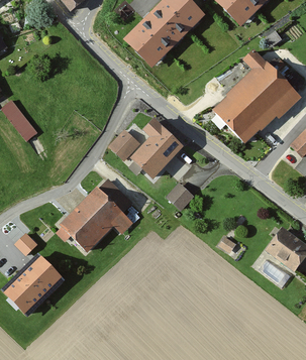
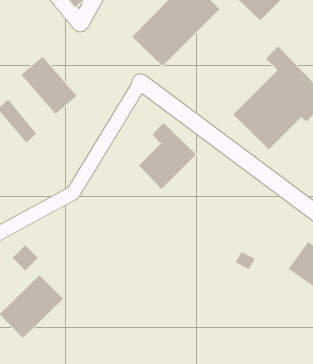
building: none -> [21,56,78,115]
building: [106,128,138,159] -> none
building: [165,182,193,210] -> none
building: [58,188,130,252] -> none

